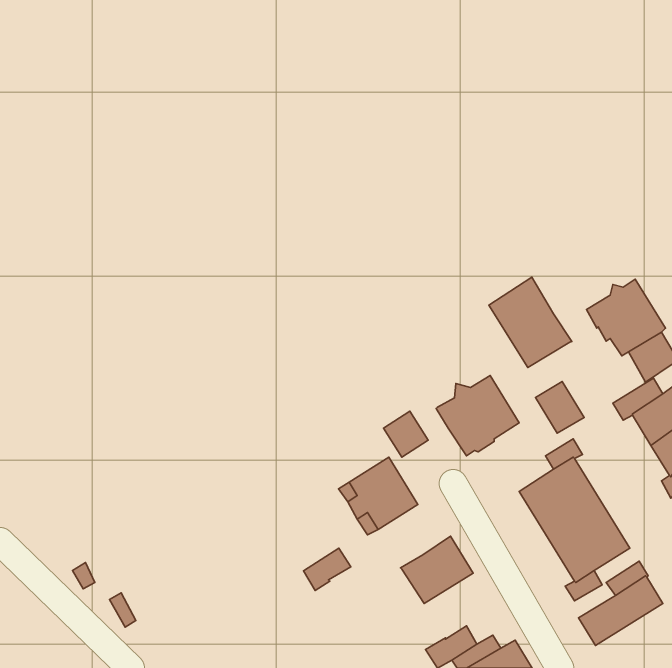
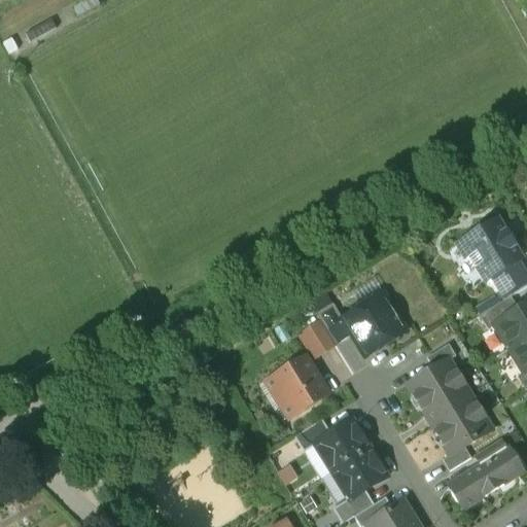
building: [489,277,572,367] -> none
building: [535,382,584,433] -> none
building: none -> [317,304,351,344]
building: [303,548,351,590] -> [294,419,331,452]
building: none -> [332,448,388,499]

